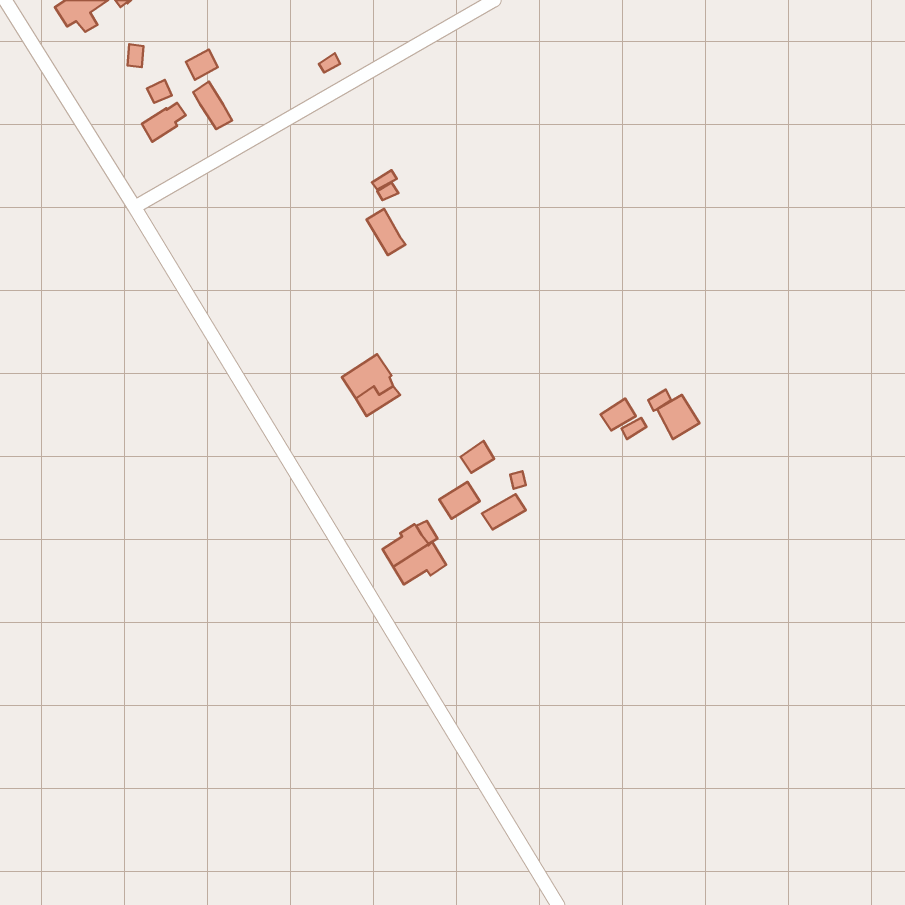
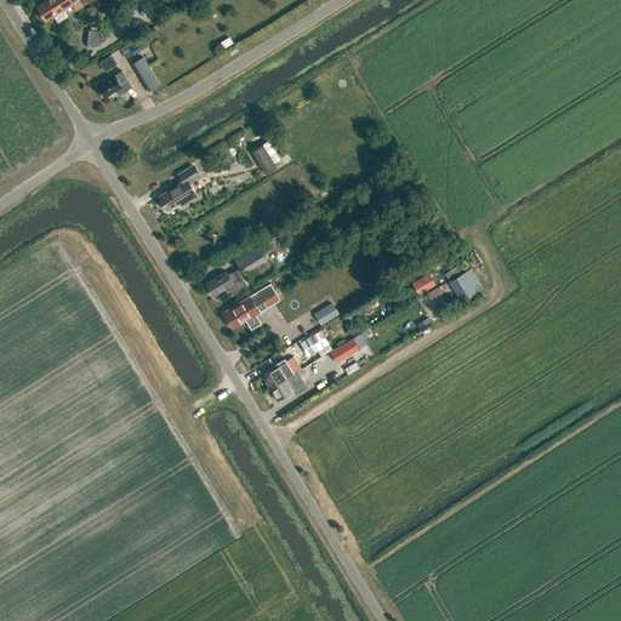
building: none -> [159,166,199,210]
building: none -> [205,269,246,295]
building: none -> [224,284,275,329]

